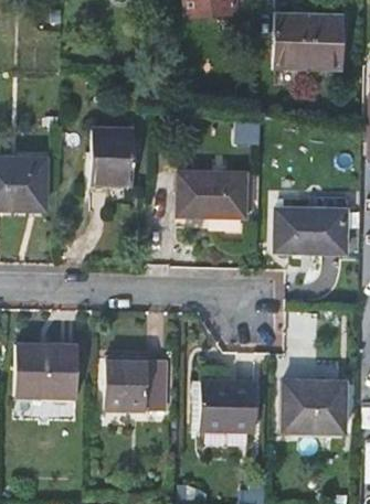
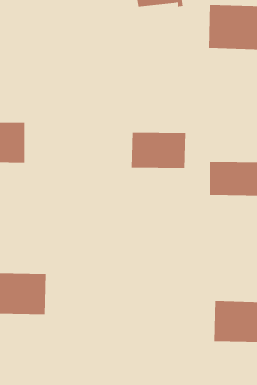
building: [92,130,137,185] -> none
building: [101,360,161,411] -> none
building: [198,384,254,431] -> none

